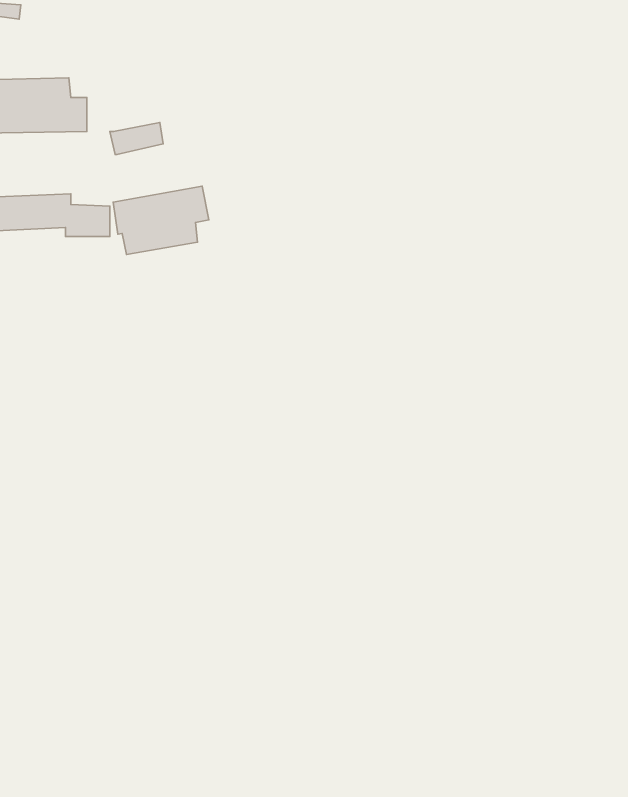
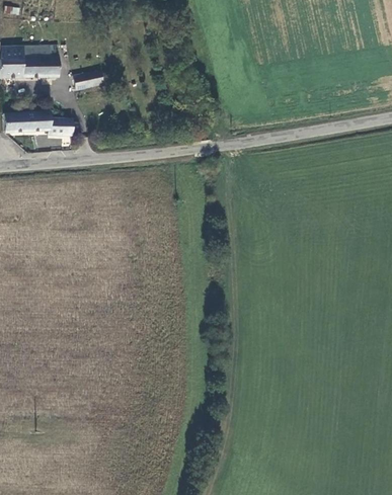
building: [113,186,209,255] -> none

